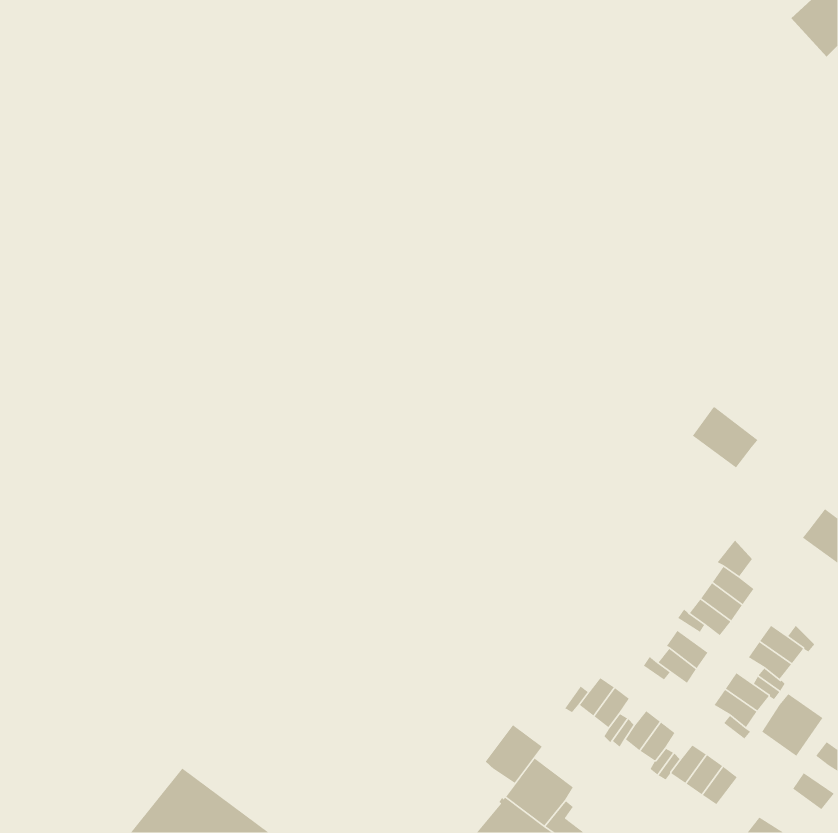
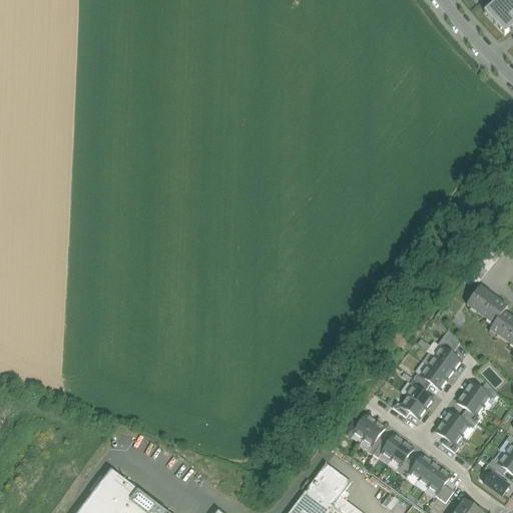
building: [692,406,759,469] -> [467,286,508,324]
building: [761,693,824,757] -> none
building: [485,724,543,784] -> none

